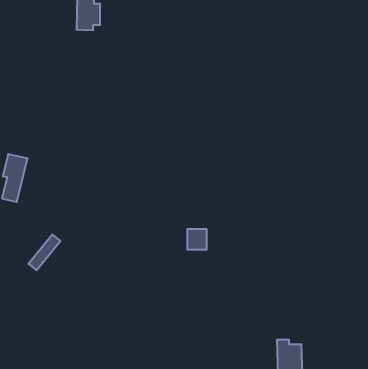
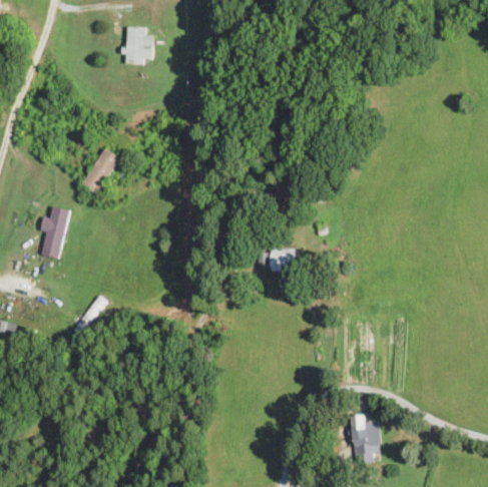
building: none -> [80,148,119,195]
building: [187,229,207,250] -> [271,249,293,272]

